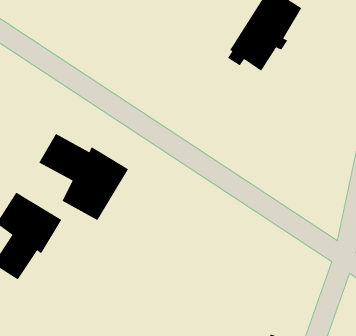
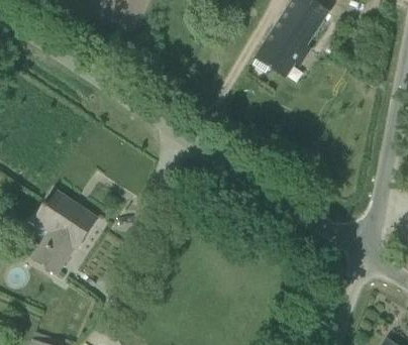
building: [39,133,129,221] -> none

